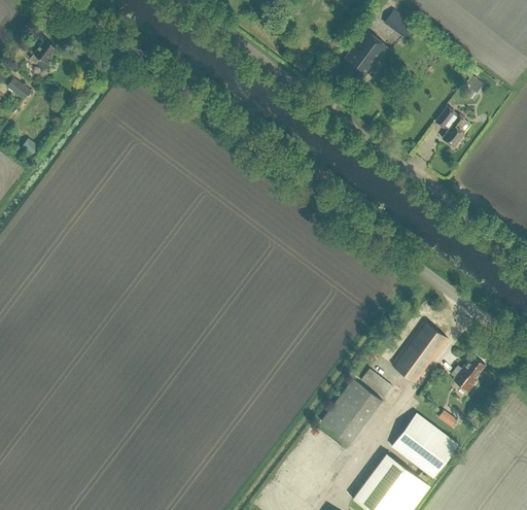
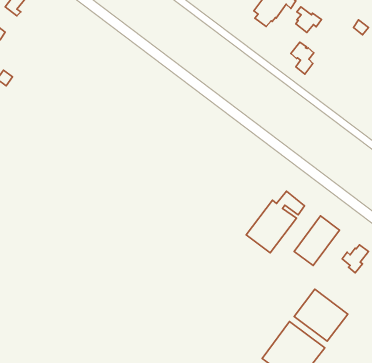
building: none -> [296,7,321,32]
building: [435,108,464,148] -> [291,42,314,74]
building: [319,367,392,444] -> [246,191,305,253]

